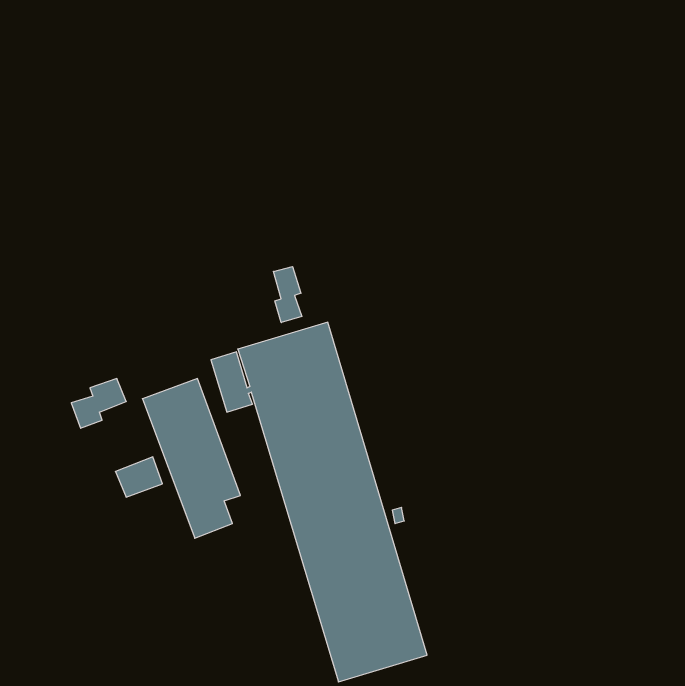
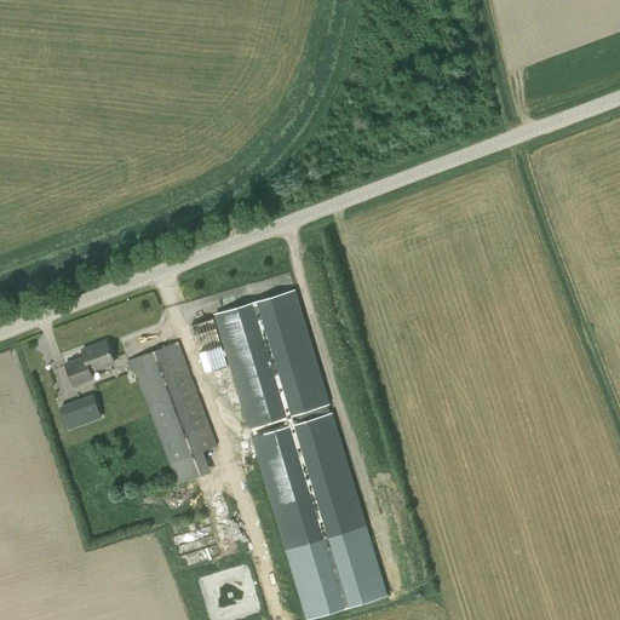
building: [273,267,302,323] -> none
building: [115,457,162,497] -> [58,394,101,430]

